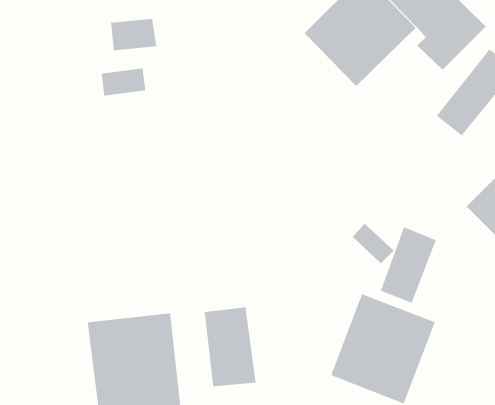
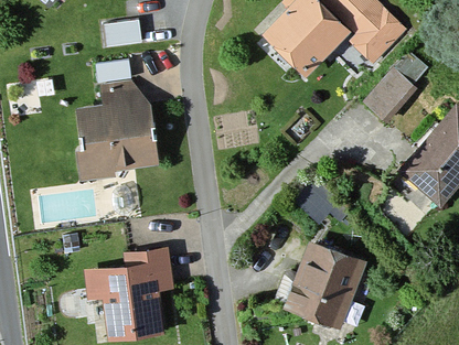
building: none -> [72,95,163,179]
building: [380,226,437,304] -> none
building: [204,307,256,387] -> none

